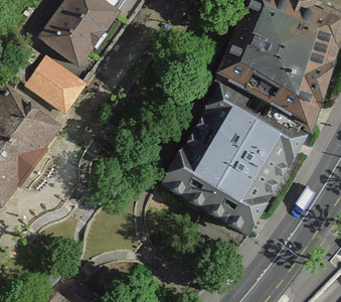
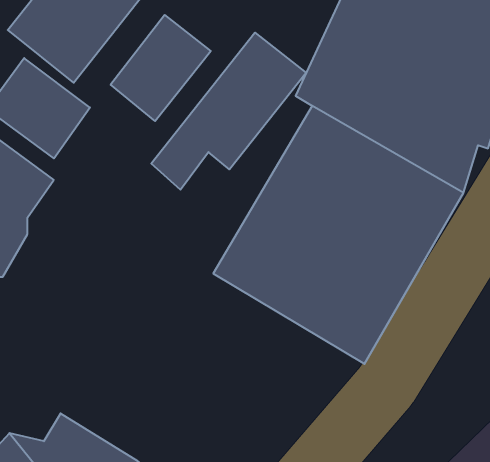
building: none -> [111,15,211,121]
building: none -> [151,33,306,190]

